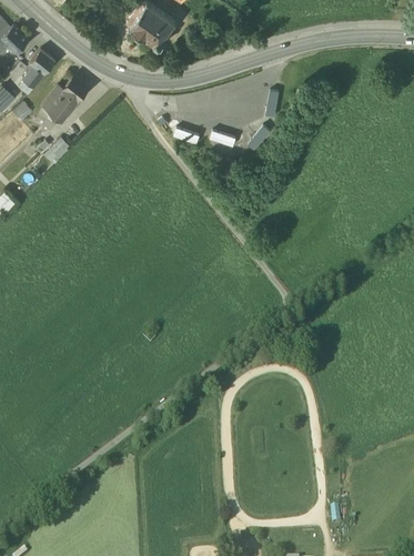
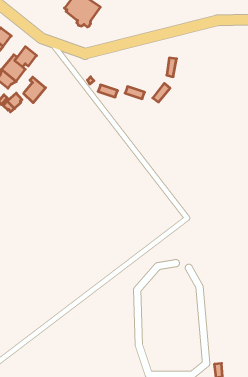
building: none -> [24,77,46,103]

